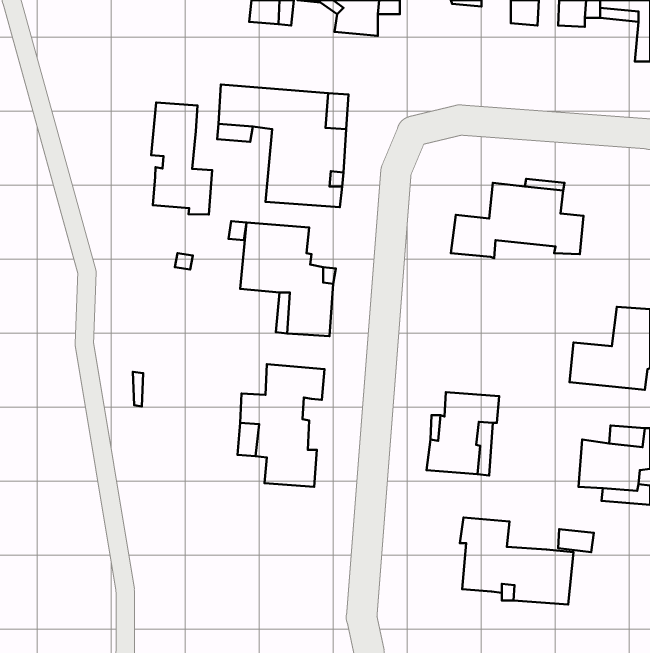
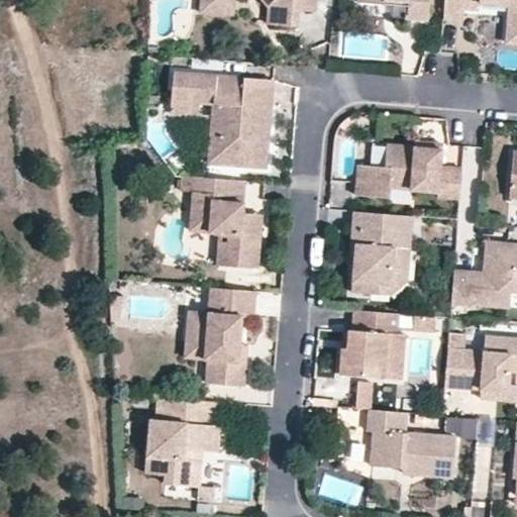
building: [151,103,212,214] -> none
building: none -> [350,211,412,293]
building: none -> [148,398,222,487]

